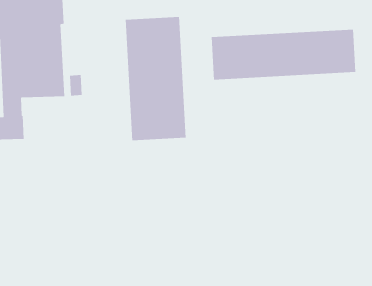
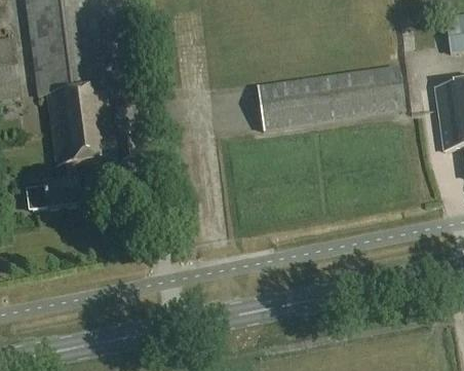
building: [125,16,186,141] -> none

